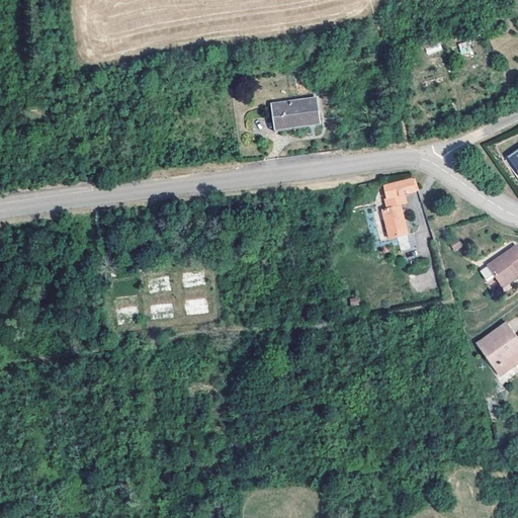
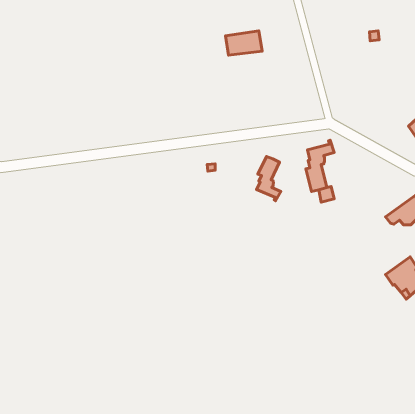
building: [267,98,313,128] -> [225,31,262,55]
building: none -> [257,157,281,201]

